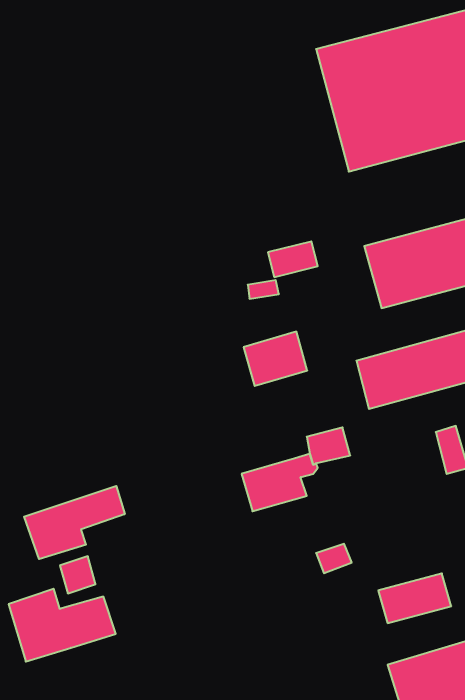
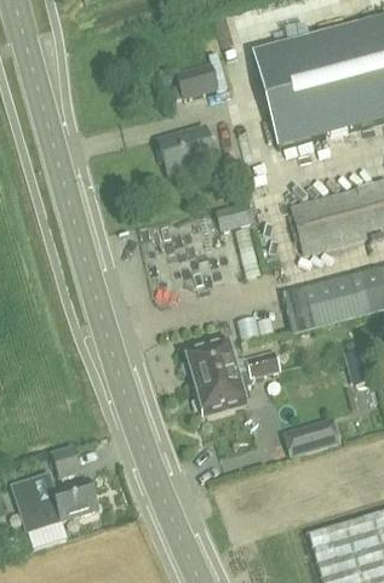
building: none -> [177,59,219,96]
building: none -> [157,124,214,173]
building: [244,332,307,386] -> [187,339,236,382]
building: [24,486,125,559] -> none
building: [378,573,451,623] -> [281,416,338,455]

